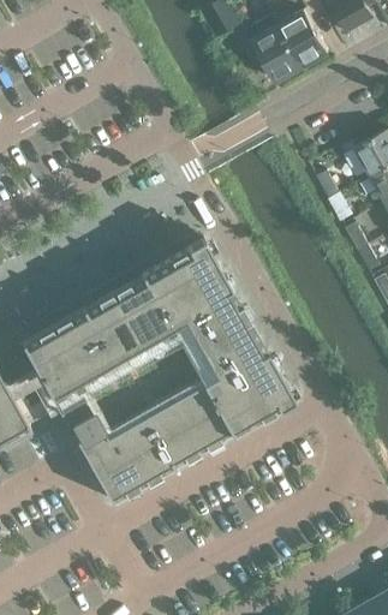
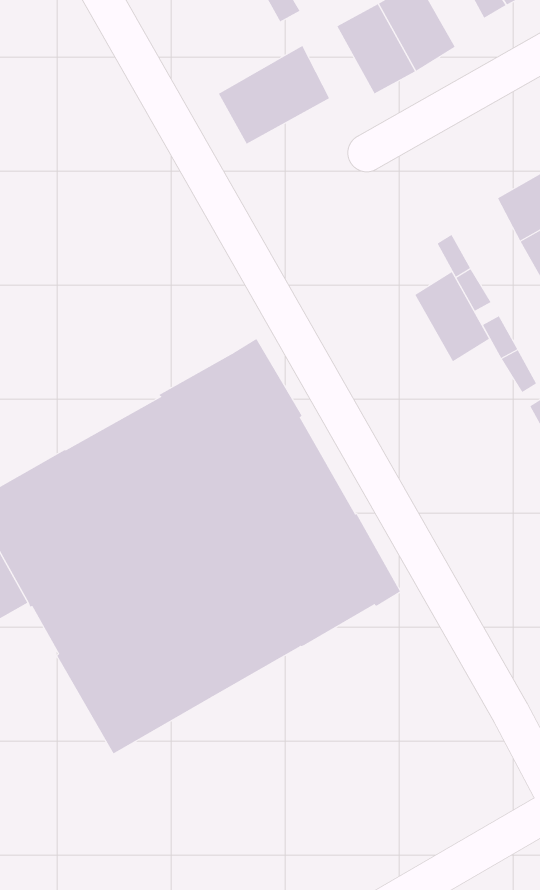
building: none -> [218,45,330,145]
building: none -> [415,271,490,362]

